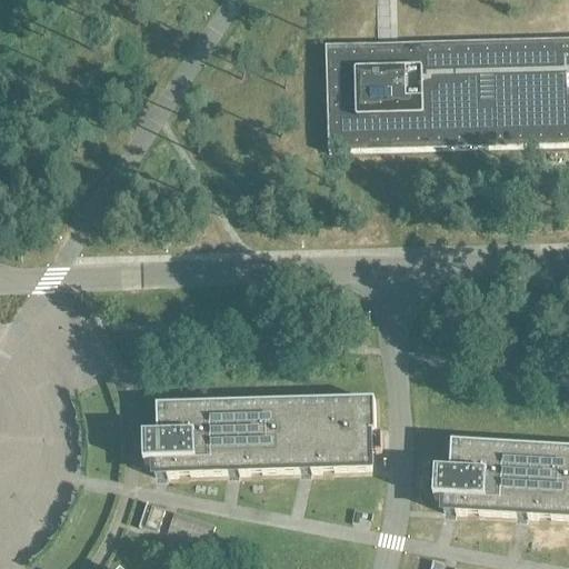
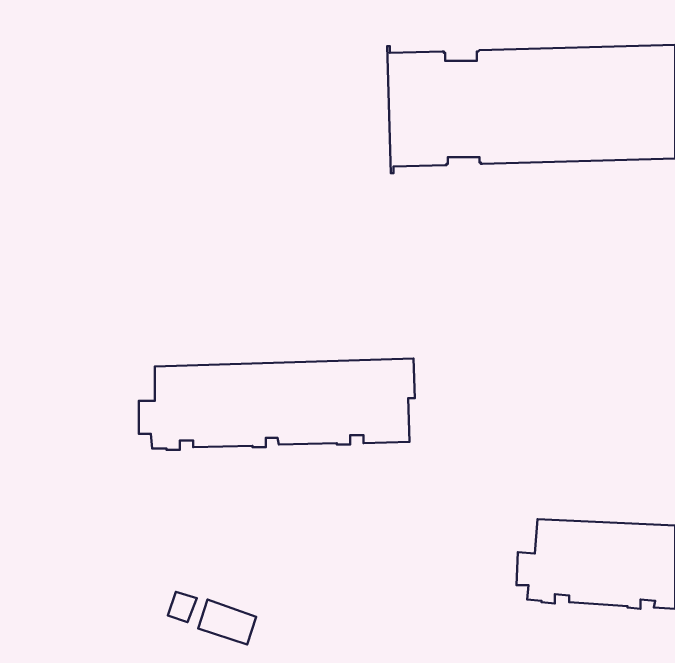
building: [144,393,377,470] -> [139,359,415,450]

